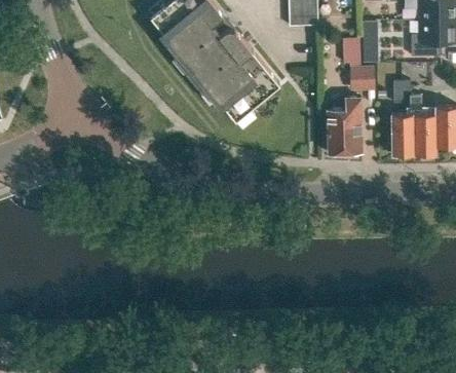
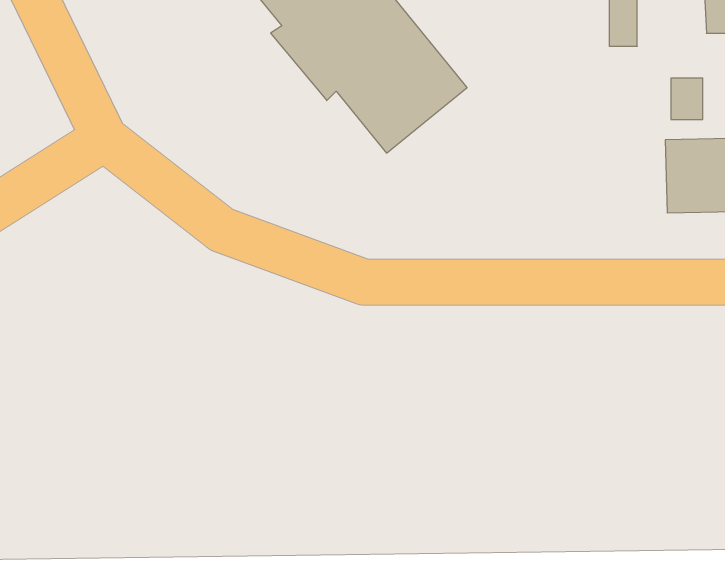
building: [349,66,375,89] -> none
building: [328,97,362,156] -> none

